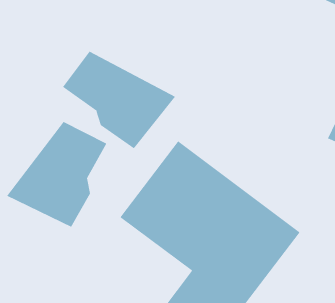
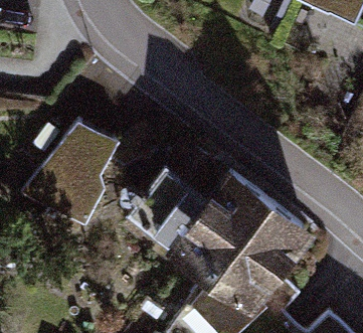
building: [62,51,176,149] -> none

